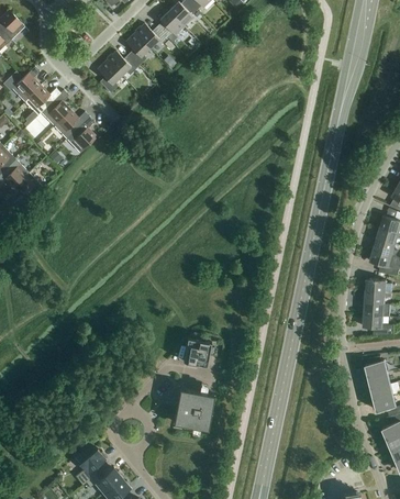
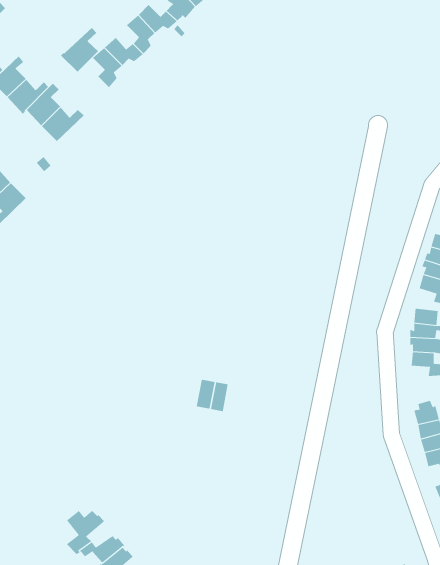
building: none -> [60,27,99,73]
building: [66,118,96,153] -> none
building: [173,388,213,430] -> none

